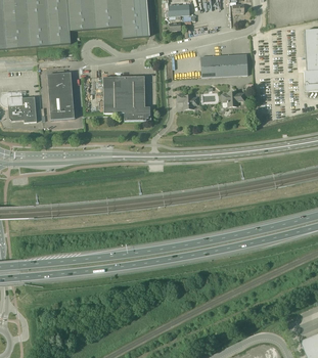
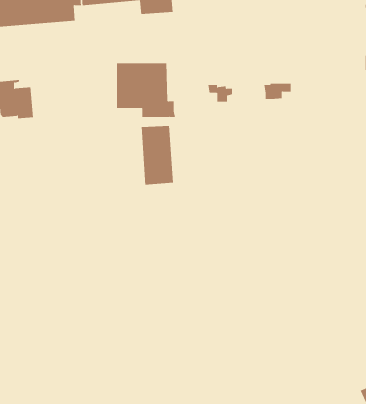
building: [200,53,247,77] -> none
building: [47,72,74,120] -> [141,126,174,185]

